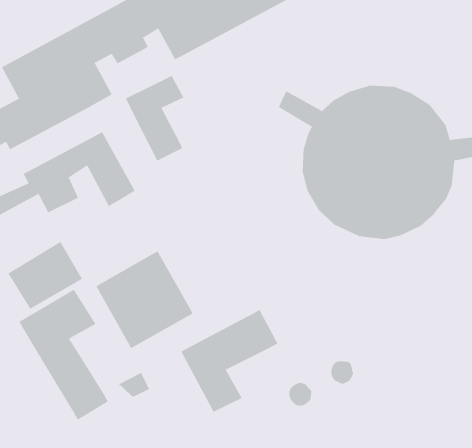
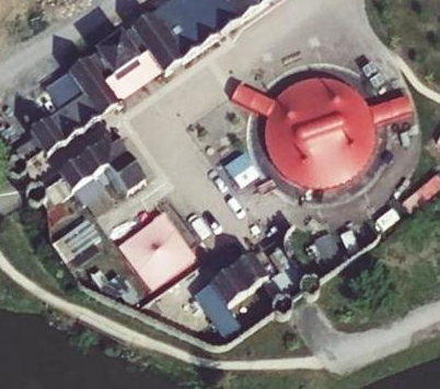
building: [125,75,184,162] -> none
building: [18,289,109,421] -> none

